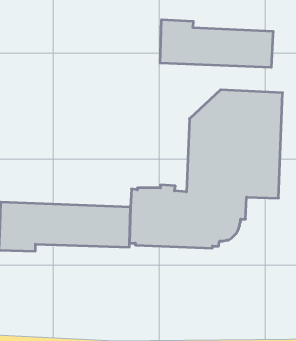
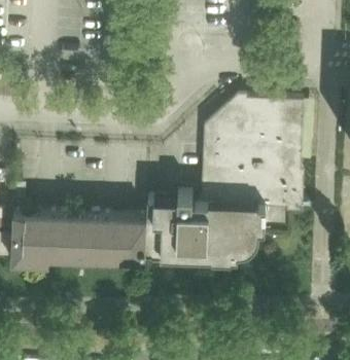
building: [160,20,273,67] -> none

